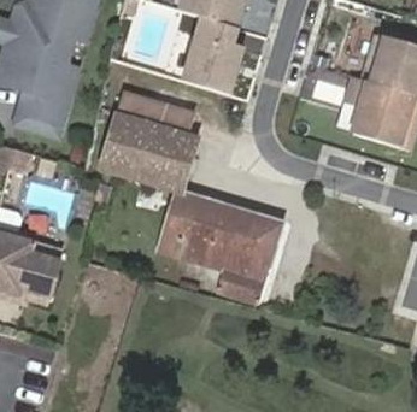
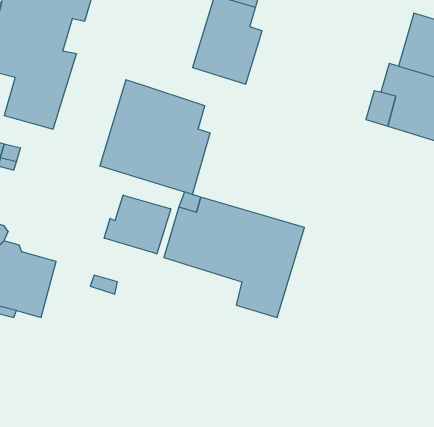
building: none -> [104,195,171,254]

